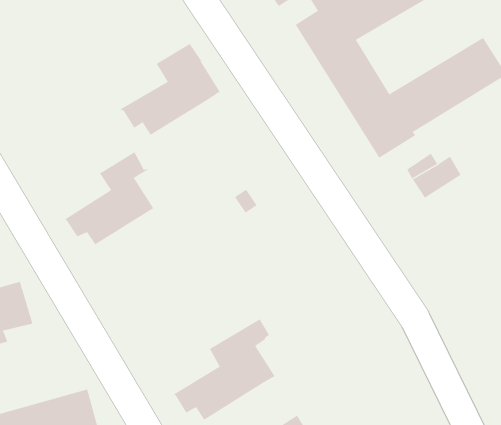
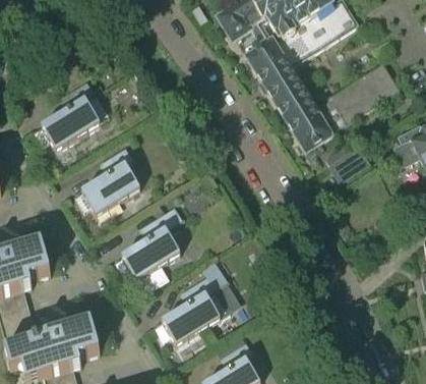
building: [120,43,221,136] -> [34,80,108,149]
building: none -> [115,205,185,278]

